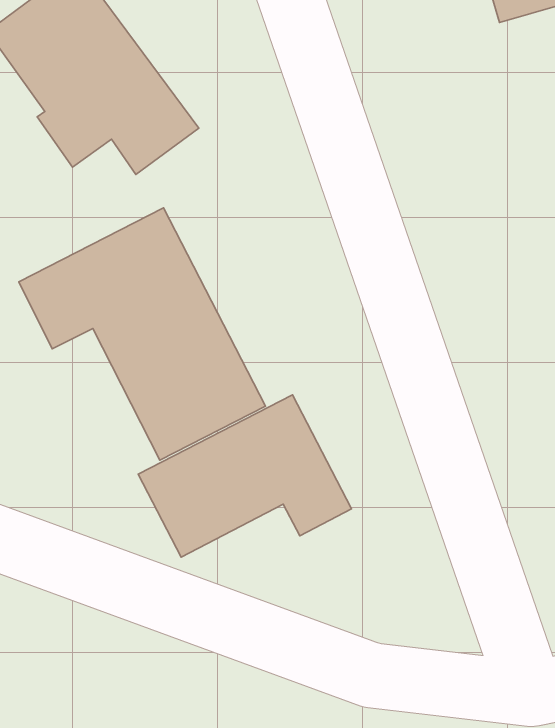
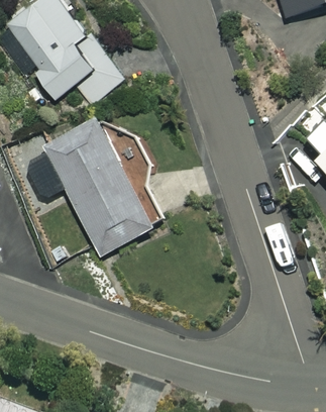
building: [138,395,351,557] -> none

